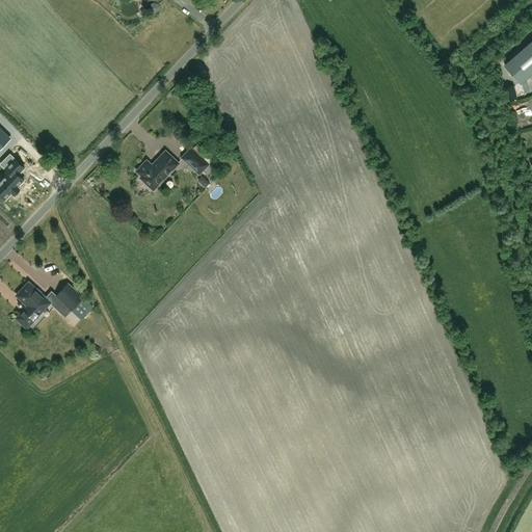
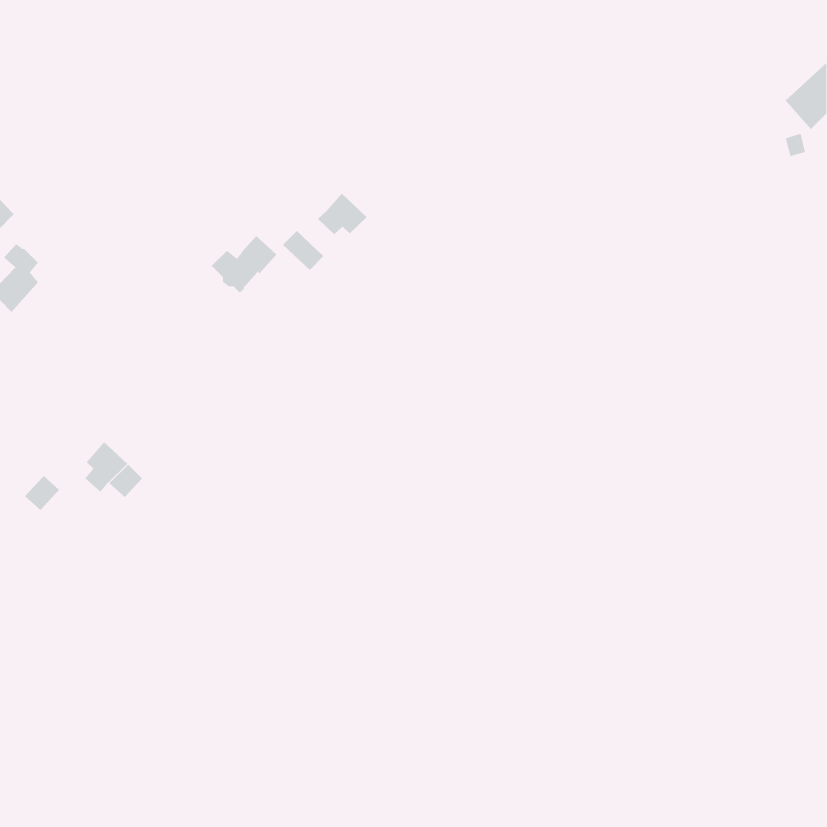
building: none -> [317,193,368,235]
building: [16,283,49,315] -> none

